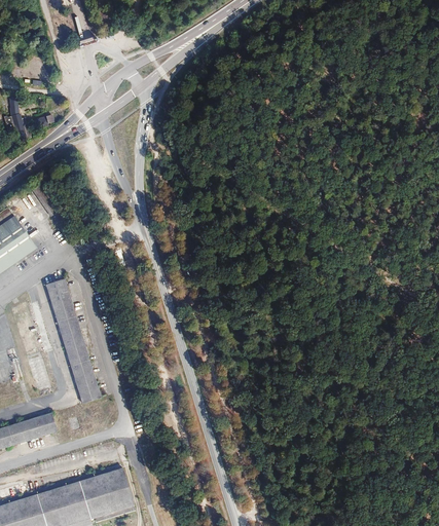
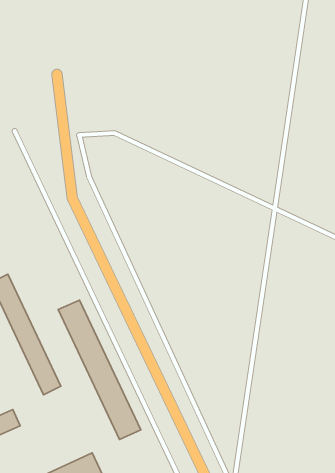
building: none -> [58,300,141,439]

